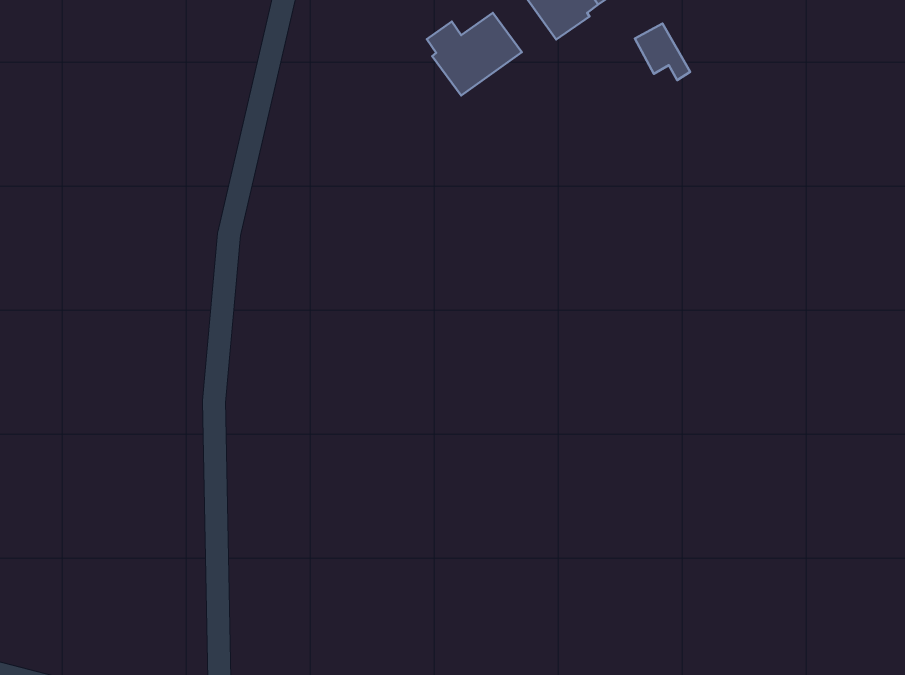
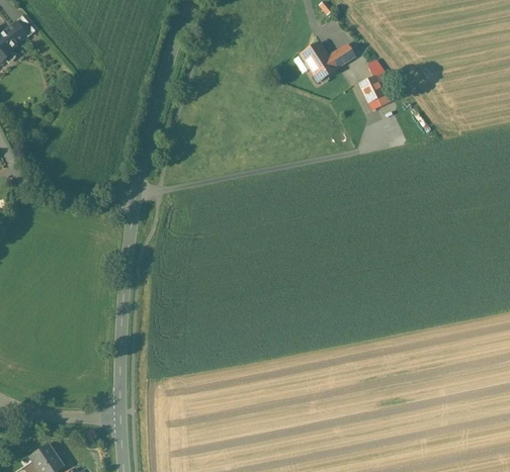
building: [427,13,522,96] -> none

